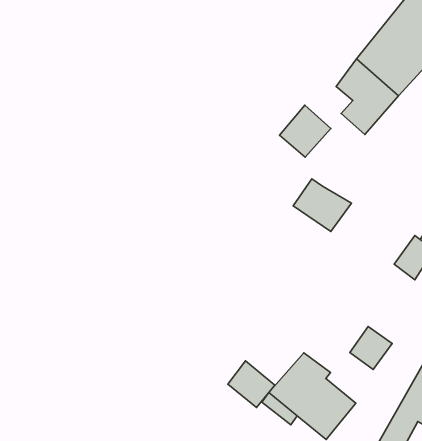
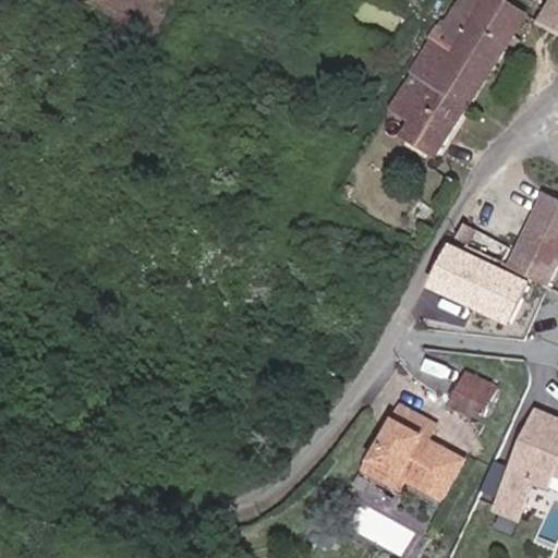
building: [280,105,331,157] -> none
building: [293,179,352,232] -> [438,242,502,298]
building: [228,361,275,407] -> none

